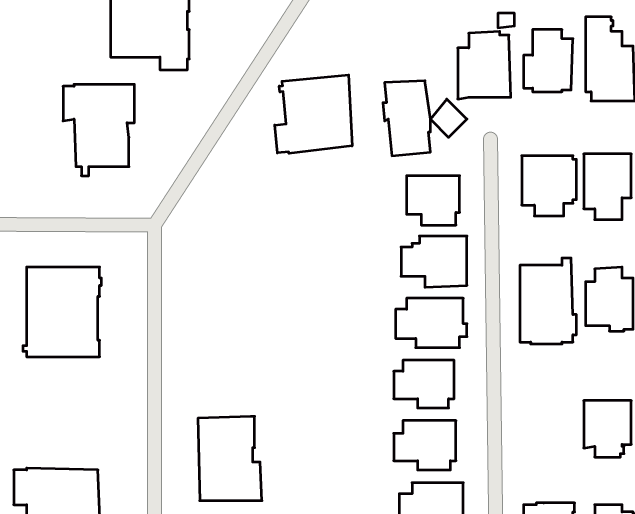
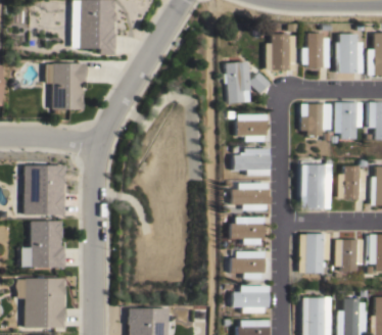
building: [275,75,352,153] -> none
building: none -> [299,234,330,274]
building: [198,416,262,501] -> [31,221,66,268]

